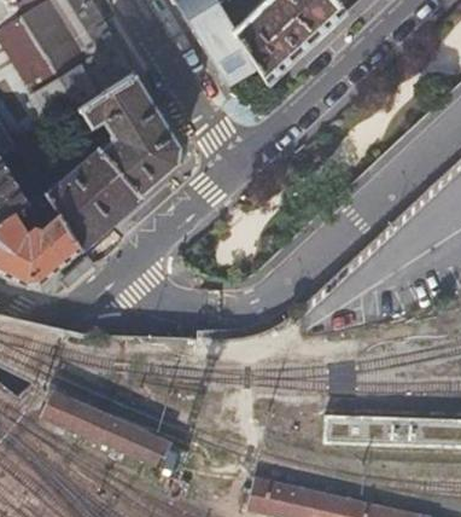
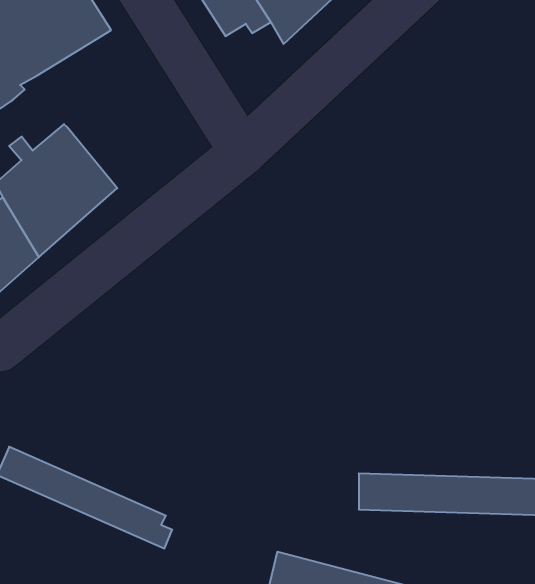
building: [77,74,179,196] -> none

